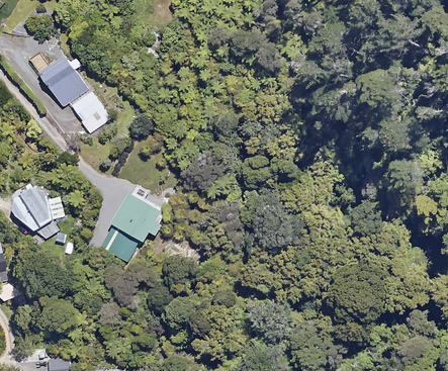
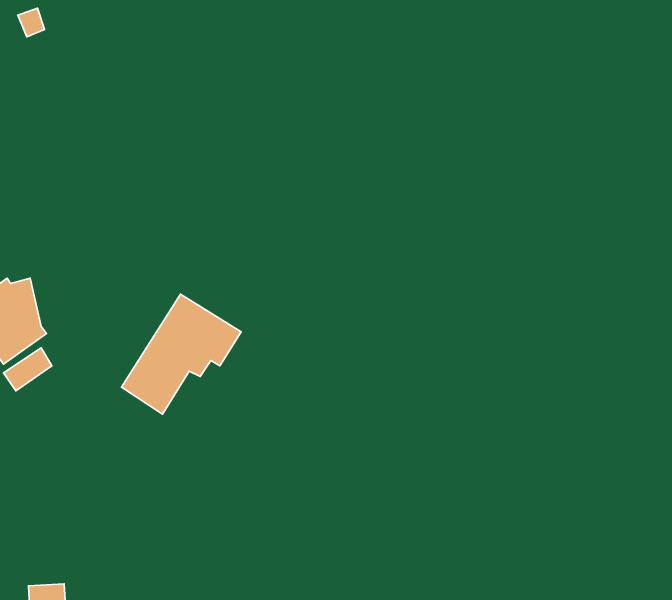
building: [40,51,107,129] -> none

